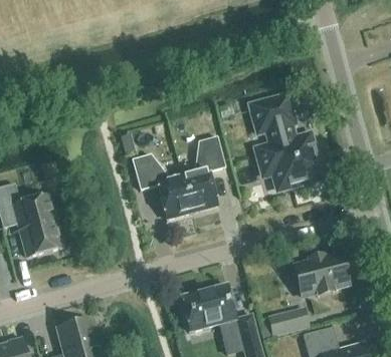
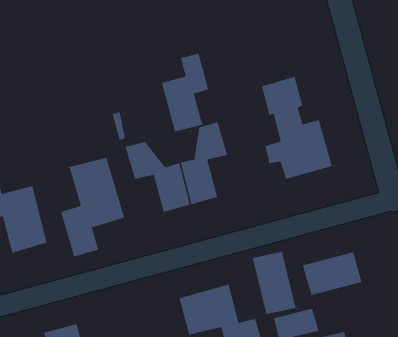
building: none -> [161,53,209,132]
building: none -> [60,157,125,257]
building: none -> [252,251,296,315]

